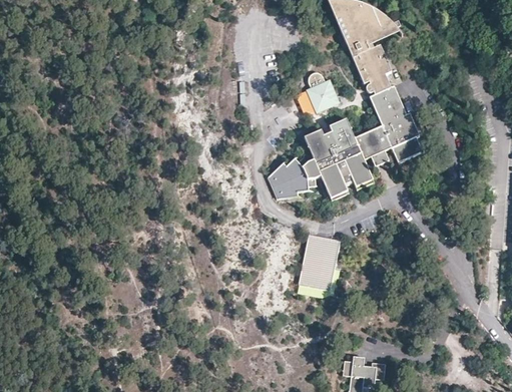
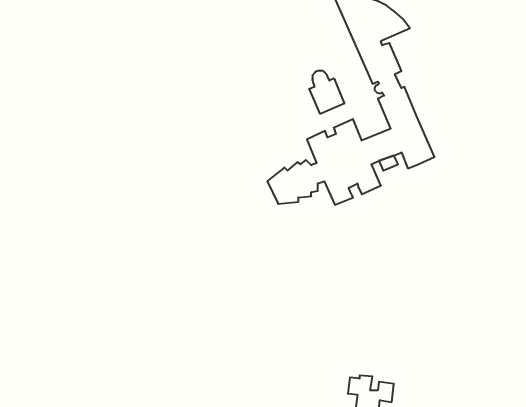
building: [297,234,339,290] -> none

